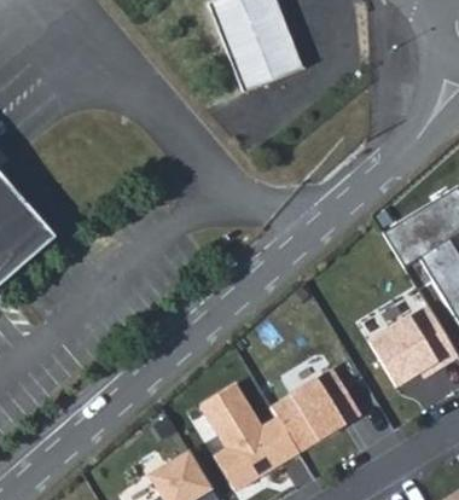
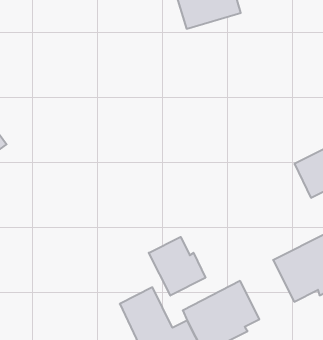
building: none -> [149,237,205,296]

